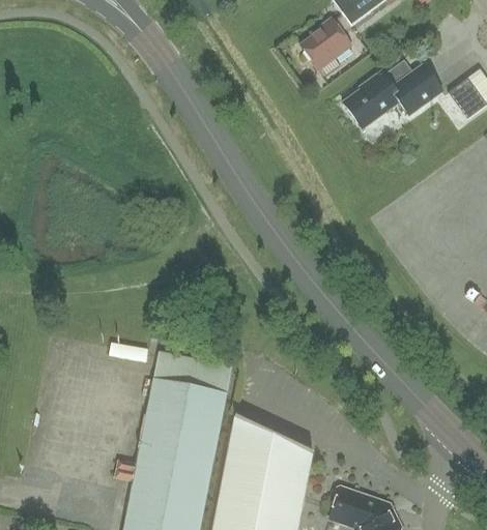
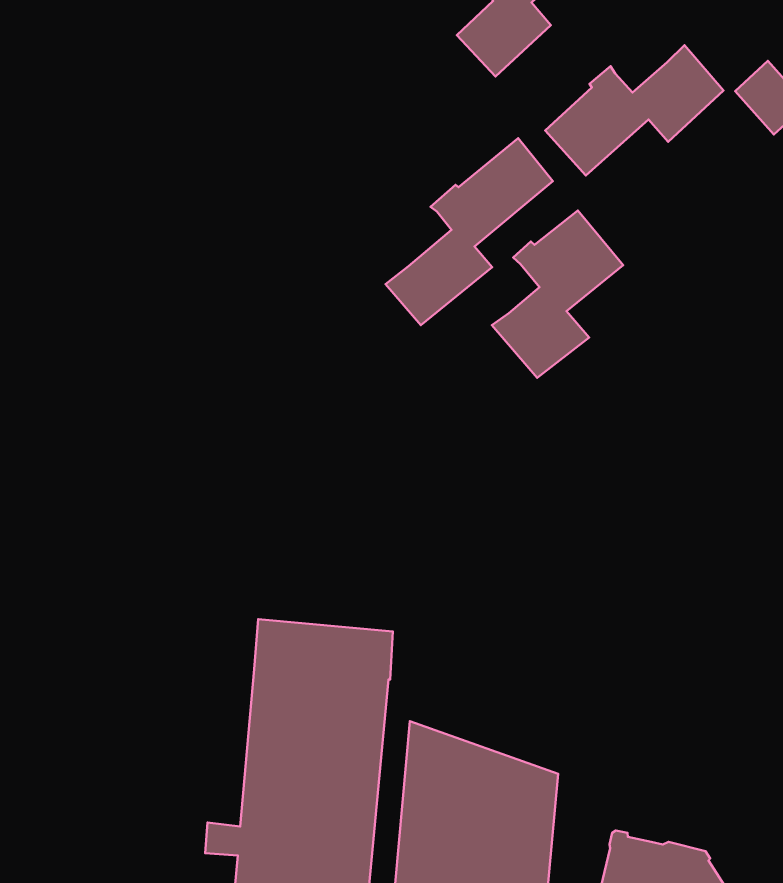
building: none -> [385,138,553,325]
building: none -> [492,211,623,378]

